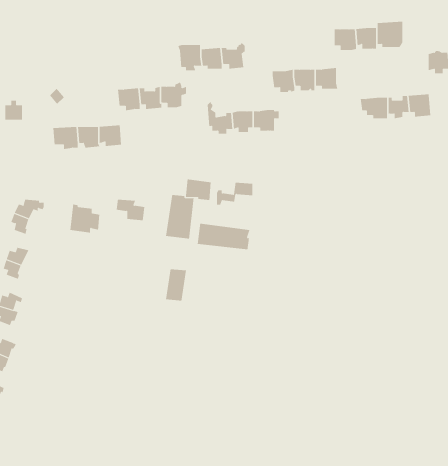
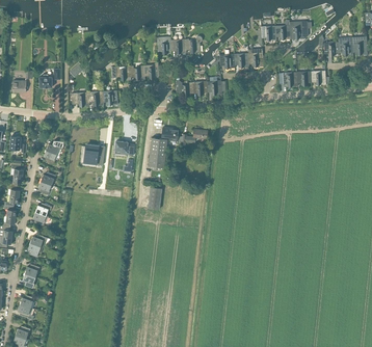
building: [197,223,250,250] -> none

